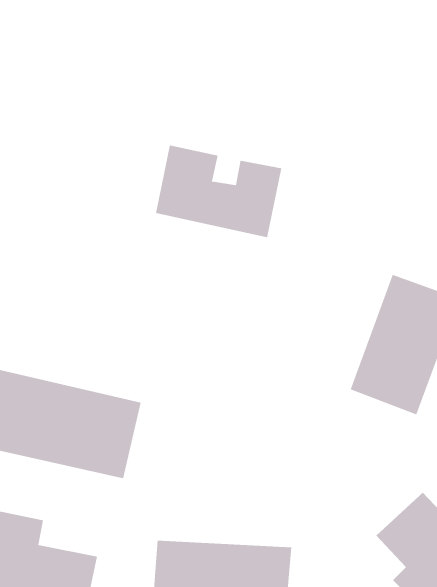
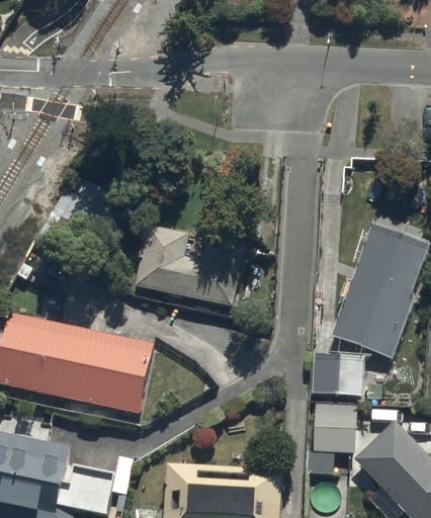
building: [155,145,282,238] -> [135,227,244,307]
building: none -> [313,355,381,396]
building: none -> [309,420,355,470]

